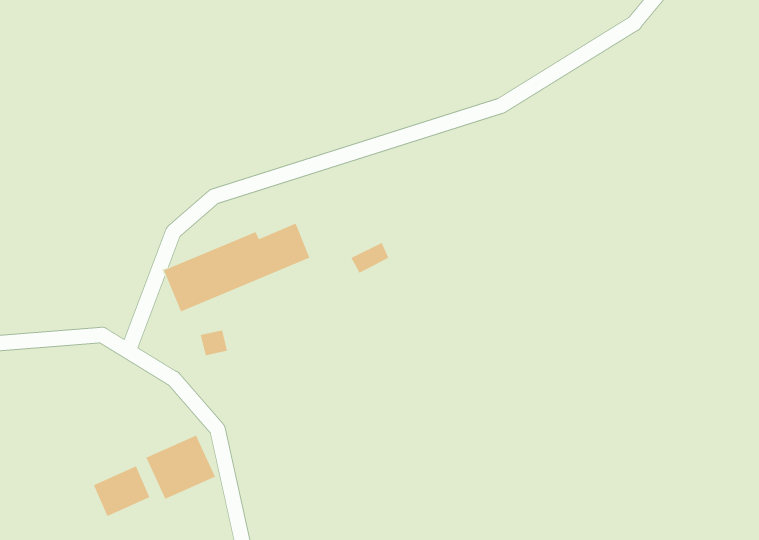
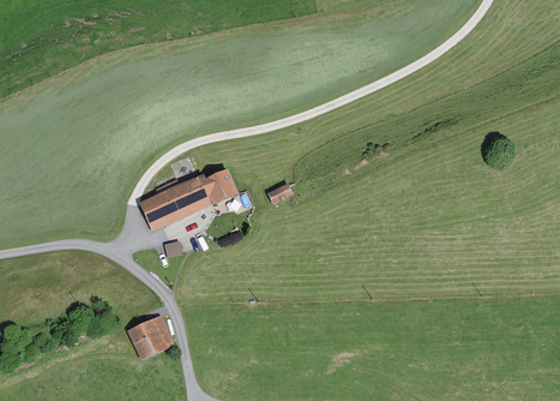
building: [93,466,150,517] -> none

